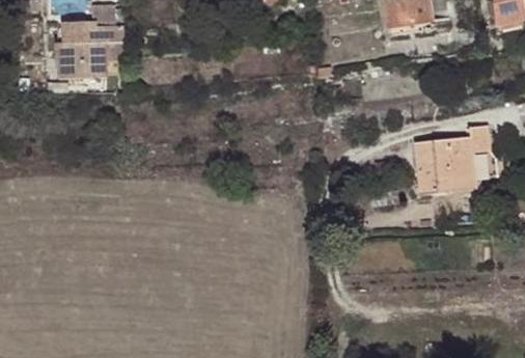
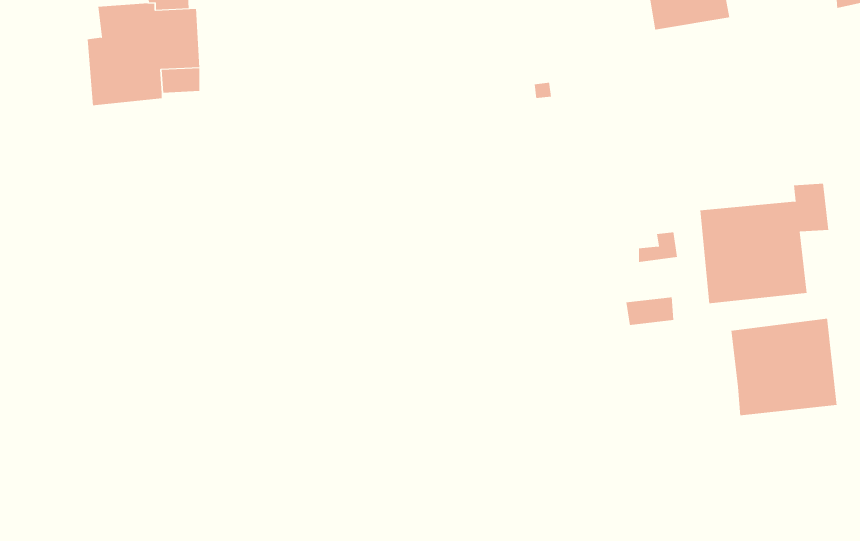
building: none -> [731,318,837,416]

